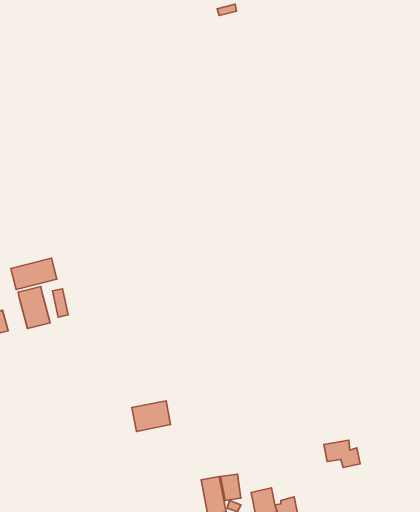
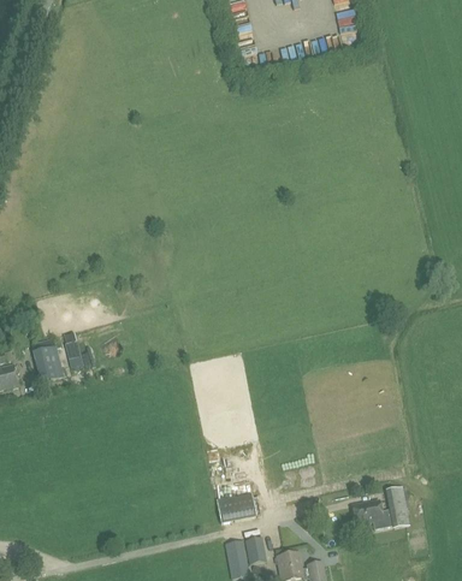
building: [11,258,57,289] -> none
building: [132,401,171,431] -> [215,491,256,523]
building: none -> [385,486,409,528]

